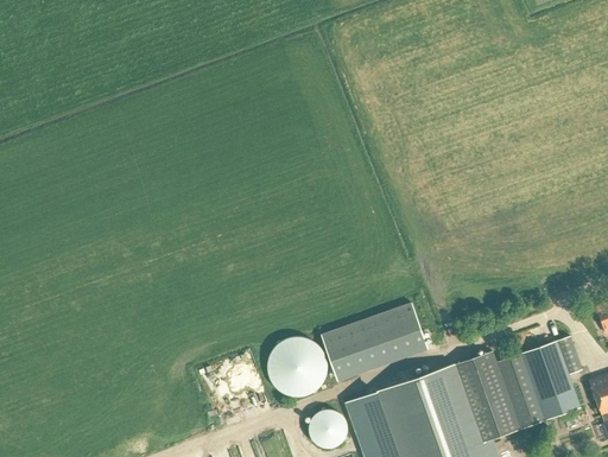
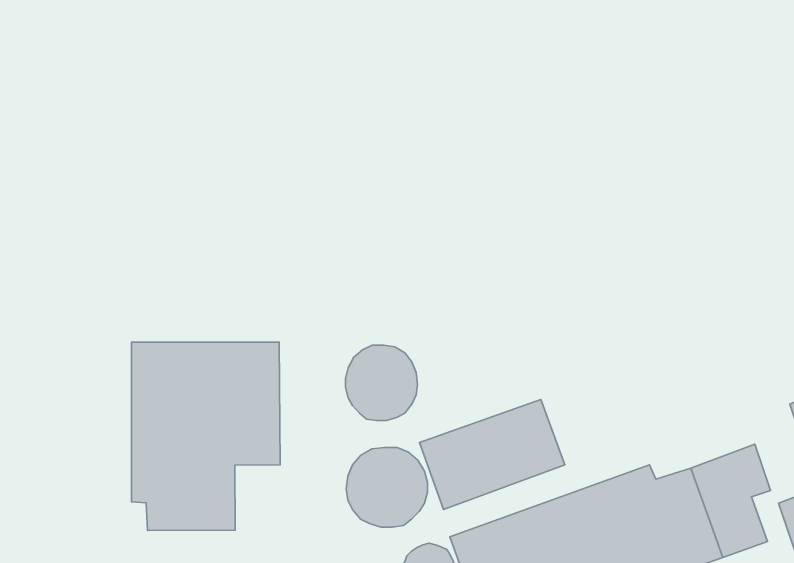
building: none -> [132,342,280,530]
building: none -> [345,345,418,421]

